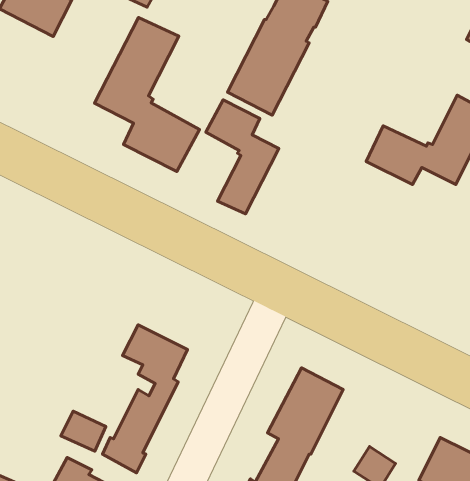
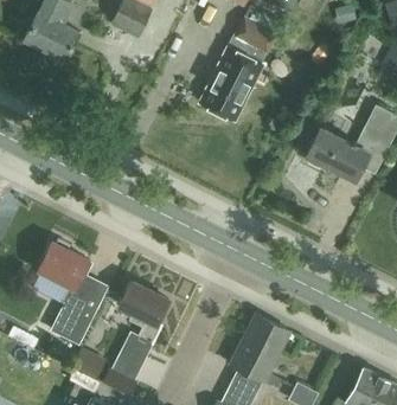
building: [95,17,199,172] -> none
building: [206,100,279,214] -> none
building: none -> [33,242,107,345]

